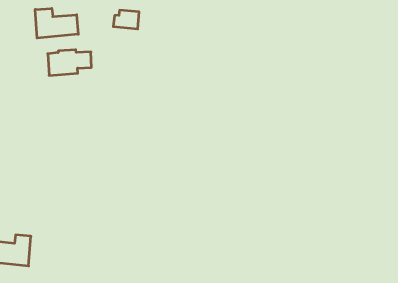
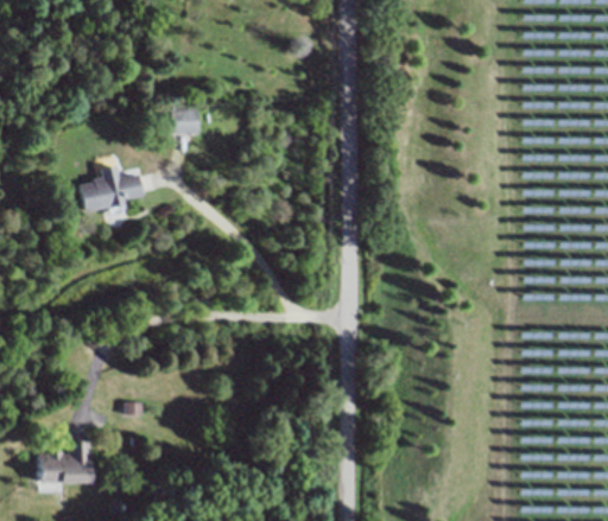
building: [35,8,78,38] -> none

